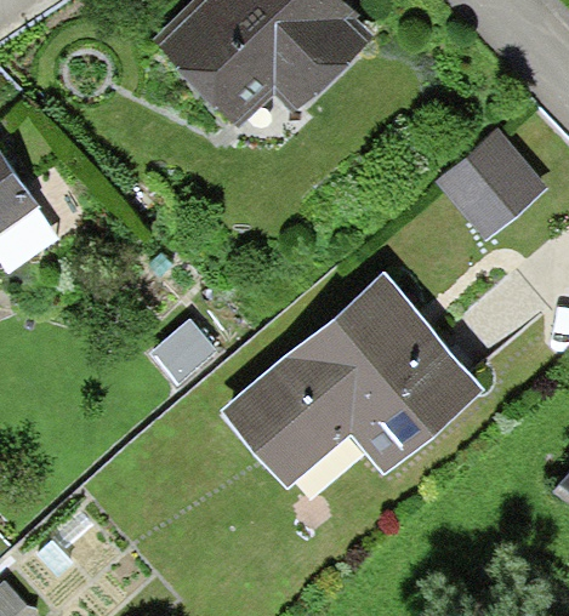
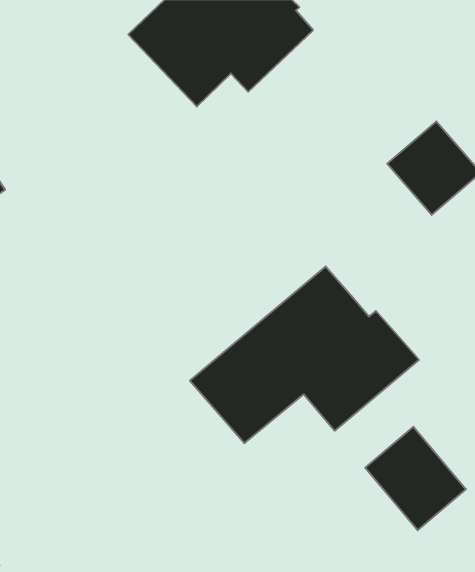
building: none -> [365,427,466,530]

